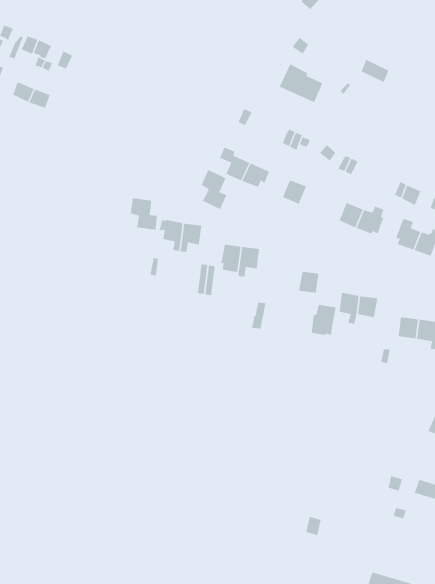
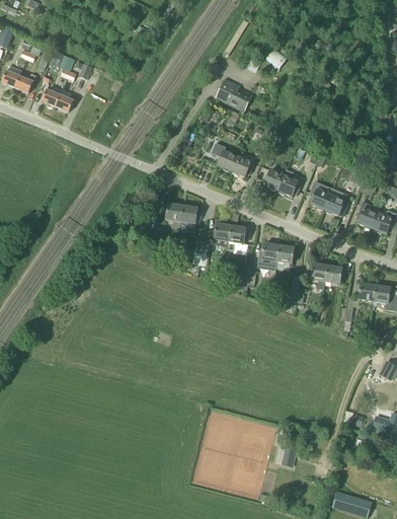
building: [279,63,323,103] -> [215,77,251,109]
building: [201,169,227,210] -> none
building: none -> [277,169,302,196]
building: [130,197,158,231] -> none
building: [311,305,337,335] -> [258,242,280,268]

